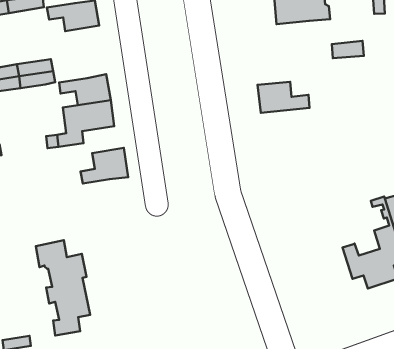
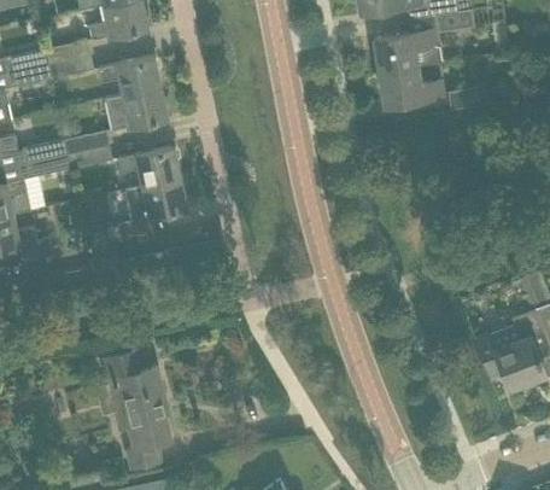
building: none -> [103,87,168,130]
building: [257,82,310,113] -> [378,66,443,106]
building: [80,148,128,184] -> none

